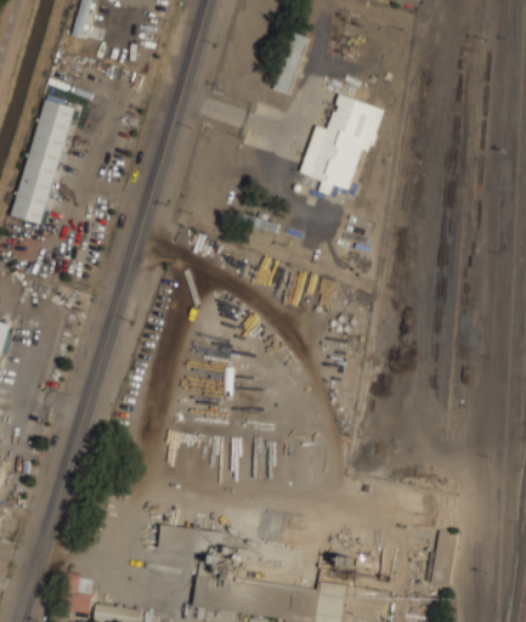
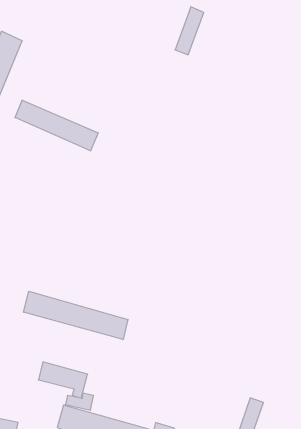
building: [300,96,383,194] -> none
building: none -> [15,100,98,151]
building: none -> [24,291,128,340]

